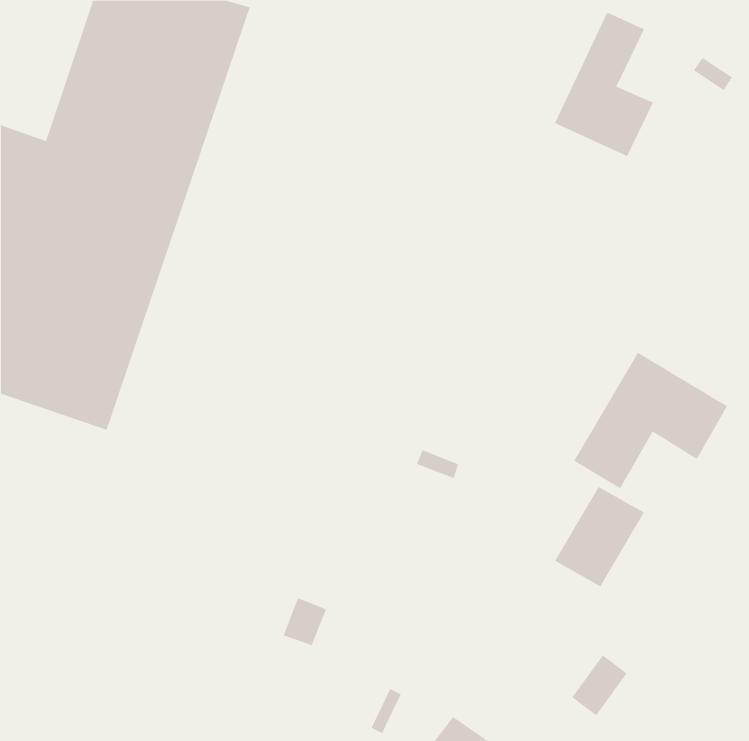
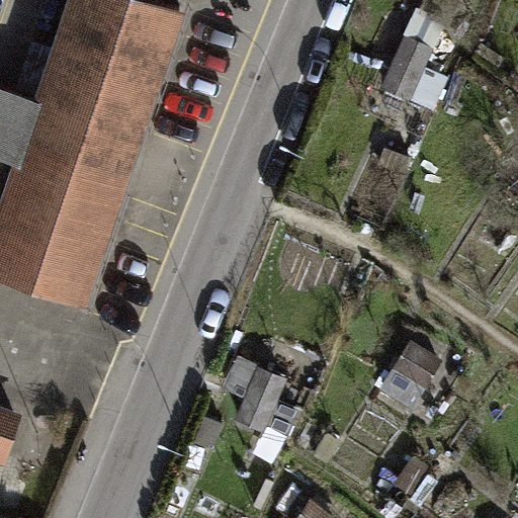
building: [574,352,728,489] -> none
building: none -> [226,356,303,439]

